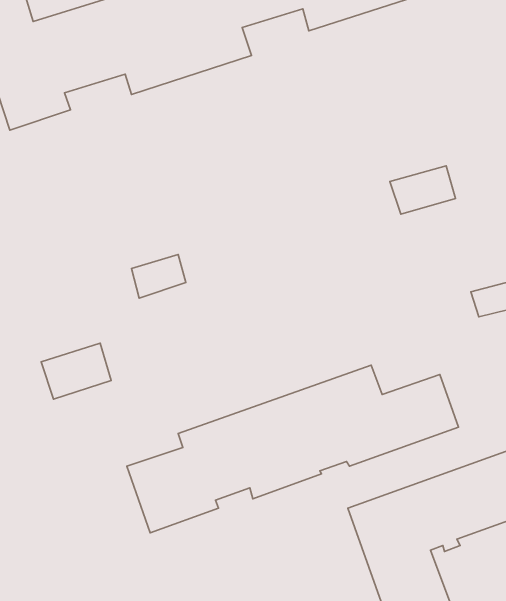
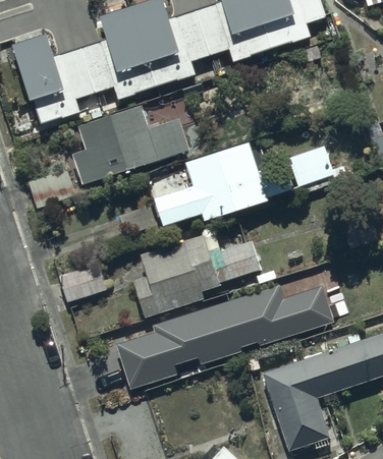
building: none -> [71,103,192,186]
building: none -> [155,140,292,225]
building: none -> [131,228,261,319]

